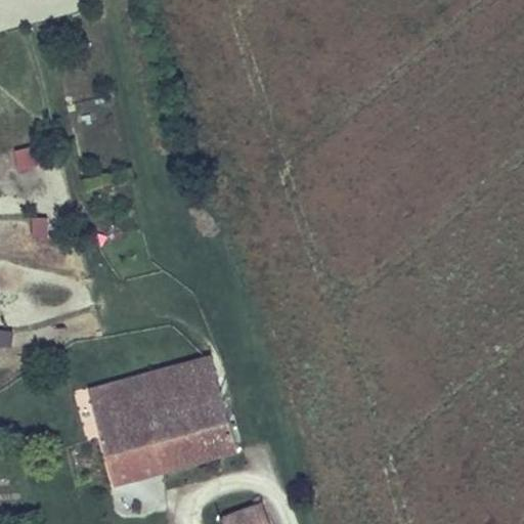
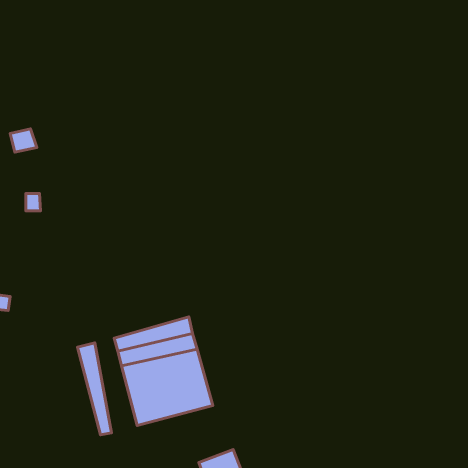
building: [105,379,152,484] -> none

